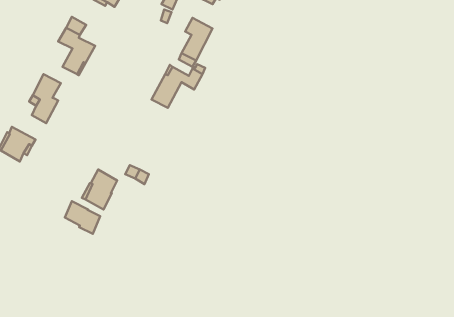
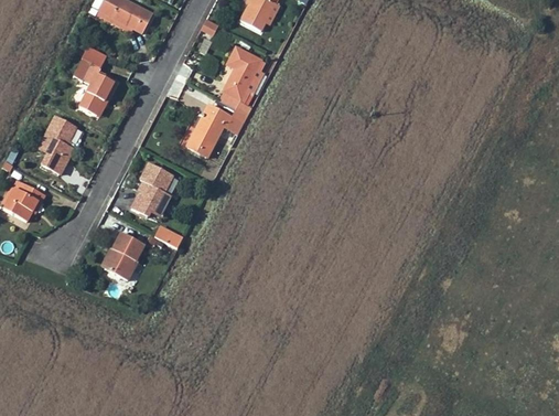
building: none -> [130,161,172,216]
building: [65,201,100,234] -> none

